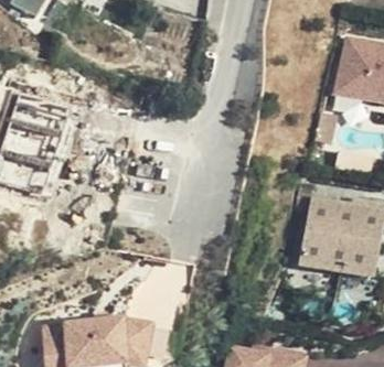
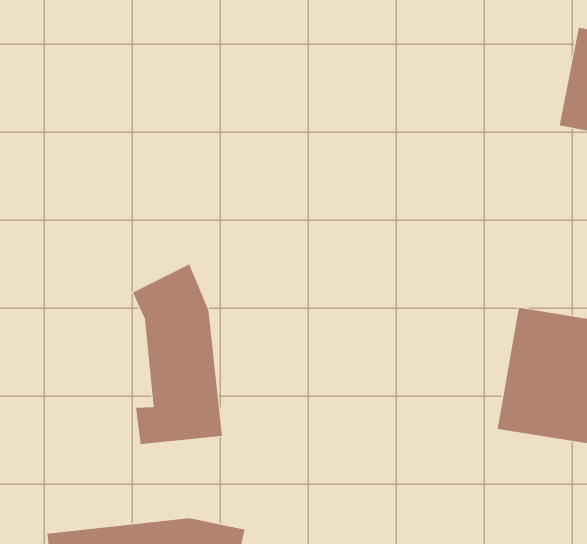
building: none -> [132,263,223,445]

